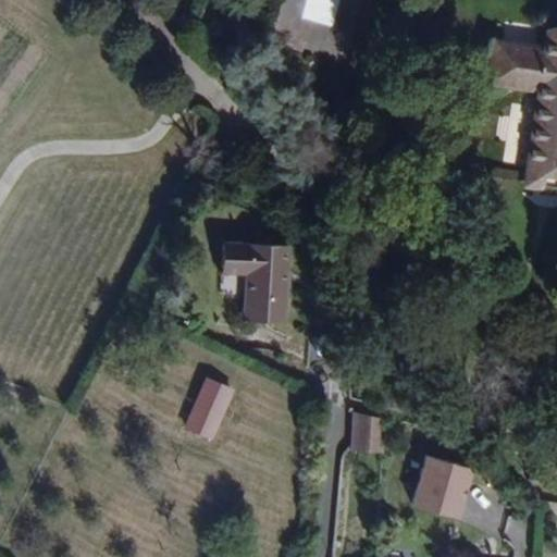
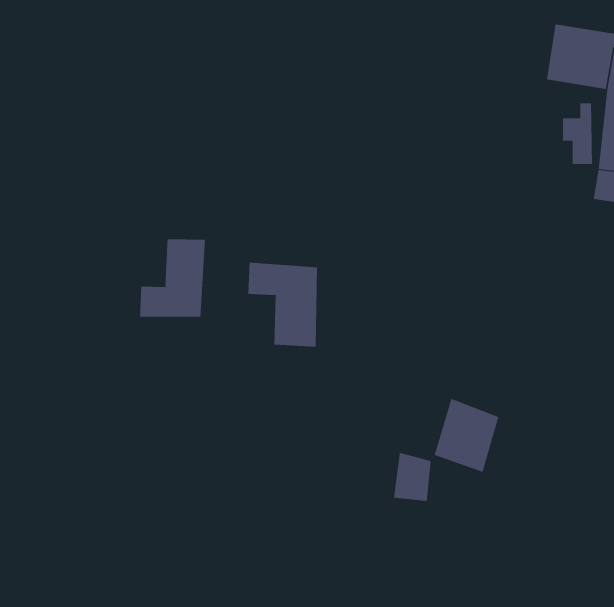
building: none -> [140,238,206,317]
building: [189,375,238,437] -> none
building: [410,456,468,521] -> [434,398,499,472]

